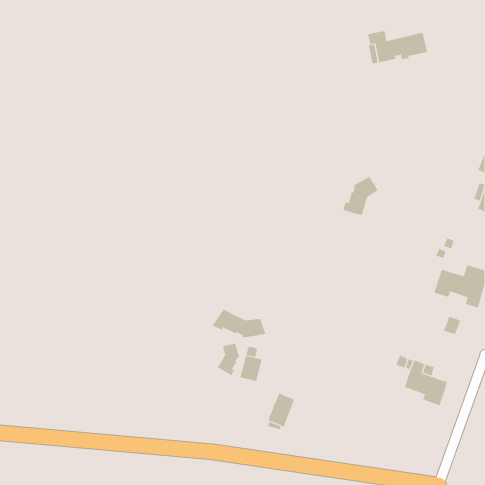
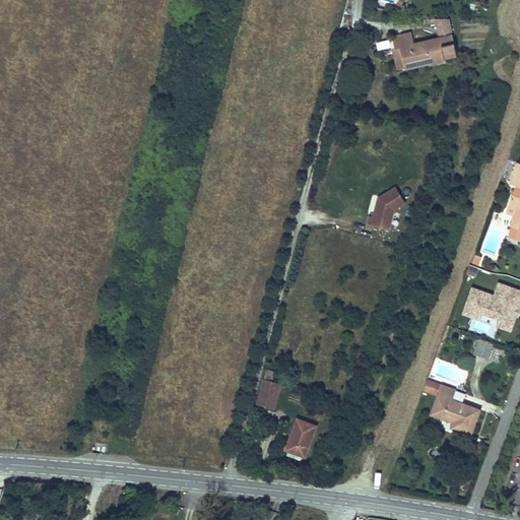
building: [212,309,266,338] -> none
building: [217,343,240,376] -> none

